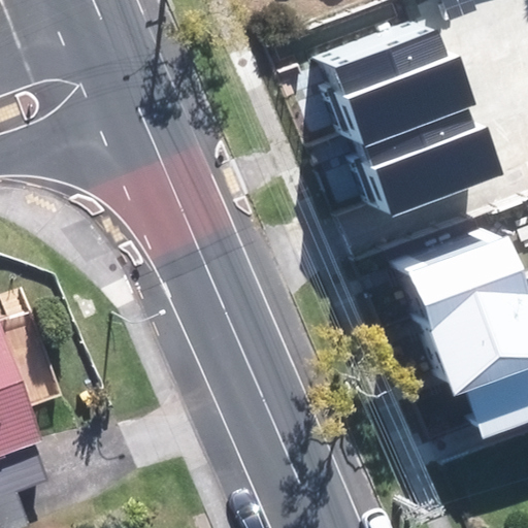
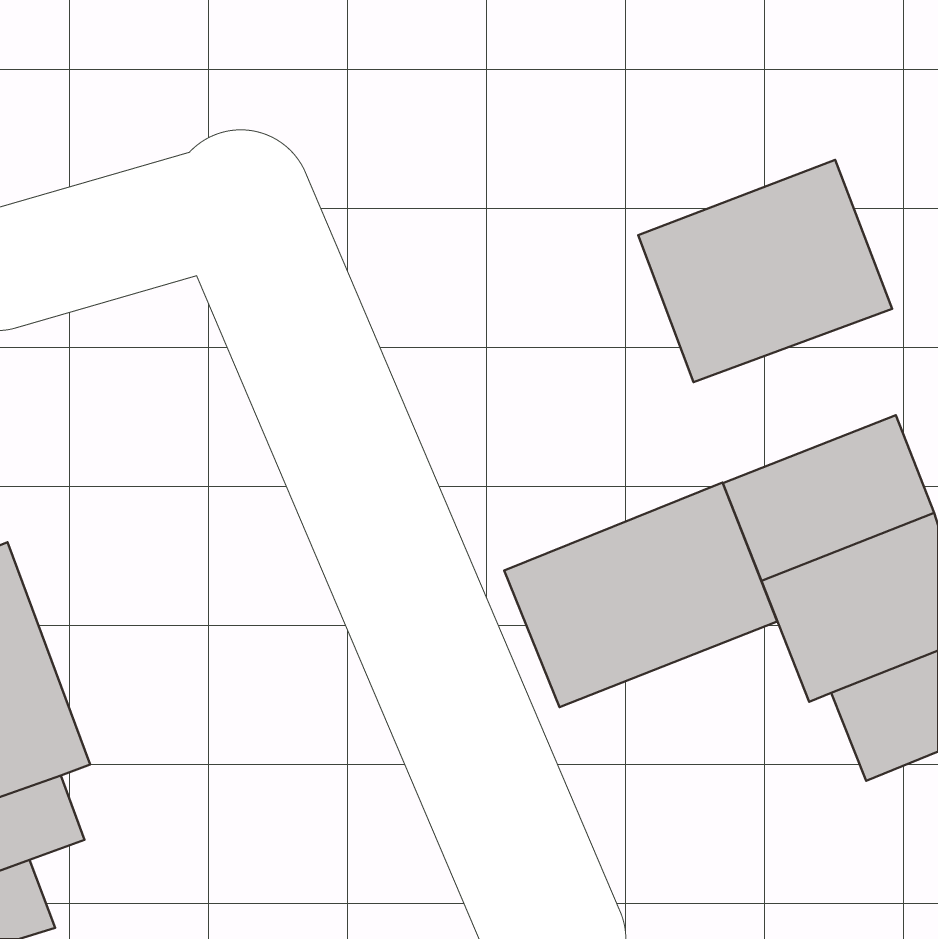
building: [330,16,468,132] -> none
building: none -> [504,482,777,707]

